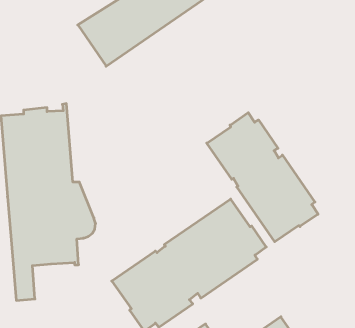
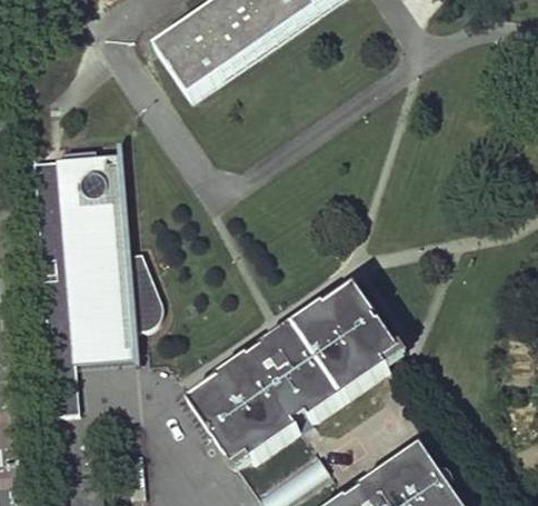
building: [207,113,318,242] -> none

